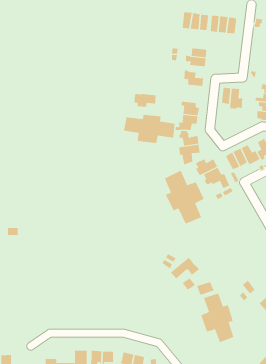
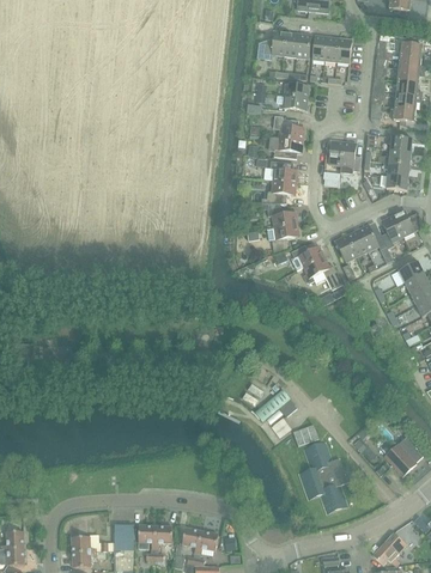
building: [134,93,157,107] -> [268,136,302,157]
building: [123,114,175,144] -> none
building: [164,170,204,225] -> none

